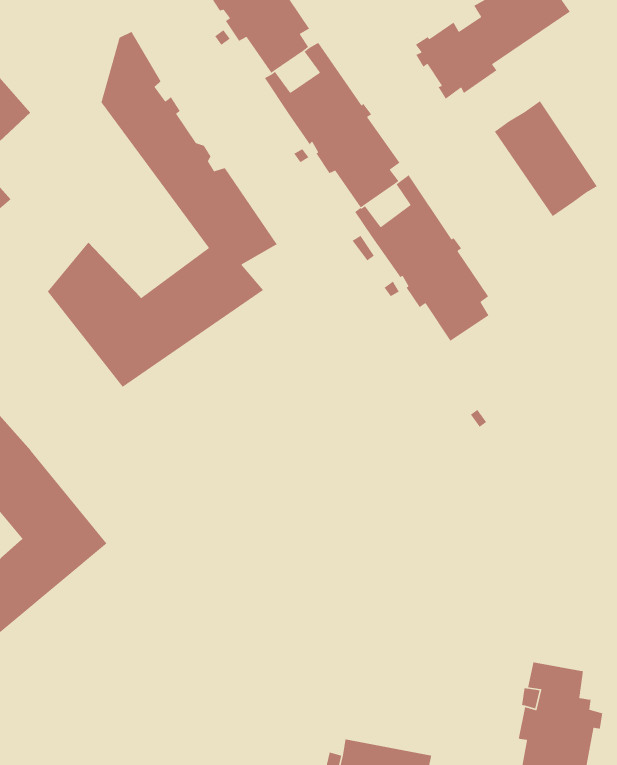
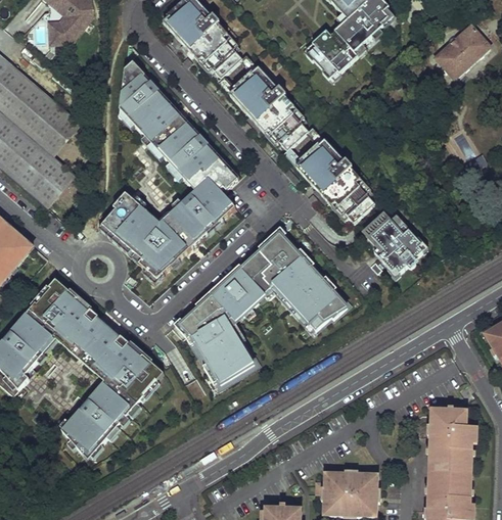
building: [494,100,598,217] -> none
building: none -> [362,212,420,277]
building: none -> [176,228,354,383]

